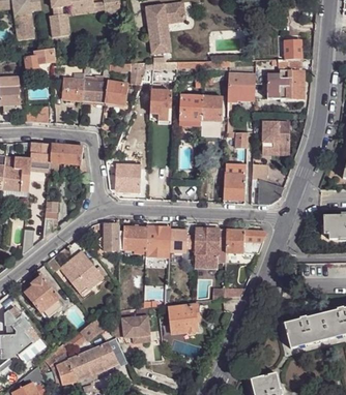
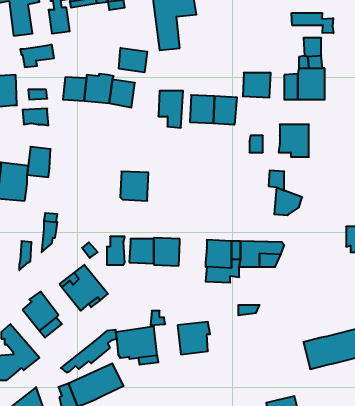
building: none -> [292,13,333,33]
building: none -> [119,48,147,72]
building: [50,144,84,173] -> none
building: [224,173,246,200] -> none
building: [170,229,196,252] -> none

